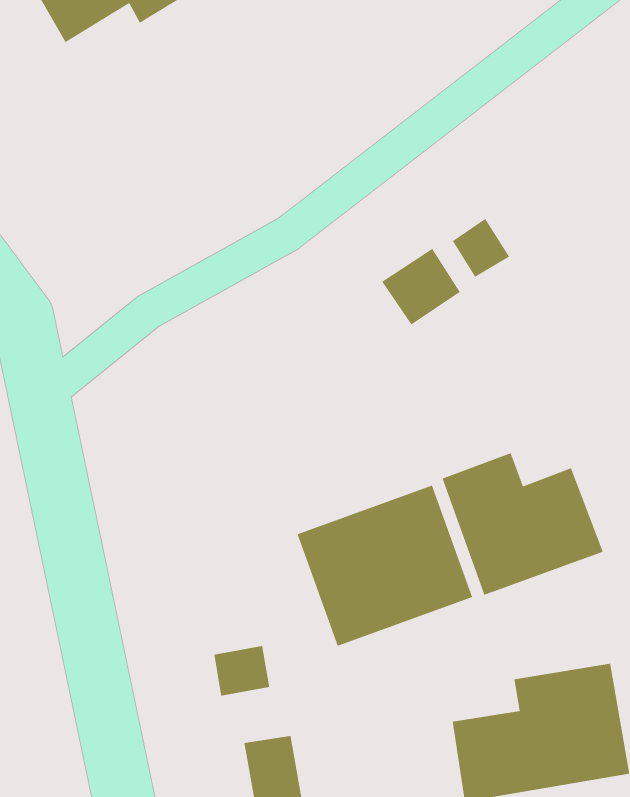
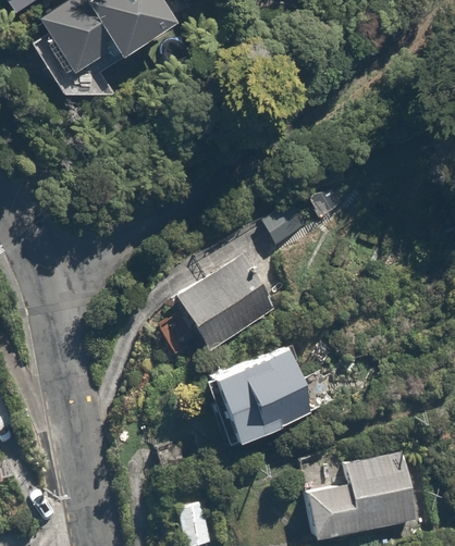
building: none -> [175,256,275,351]
building: [442,452,604,596] -> none

